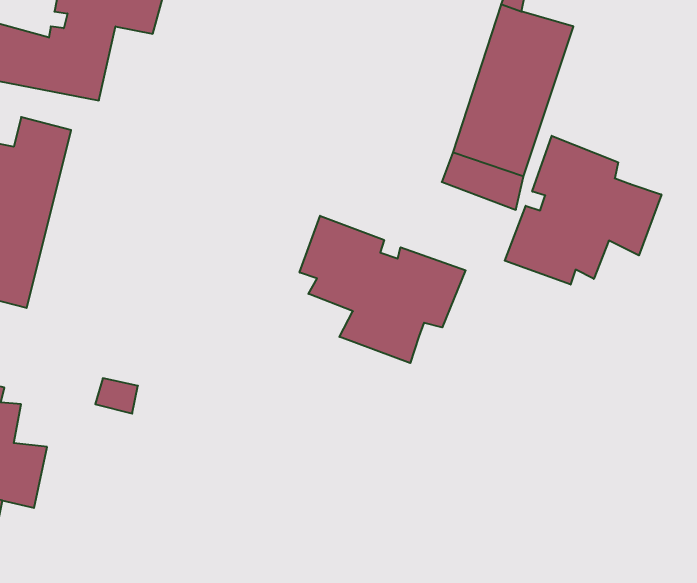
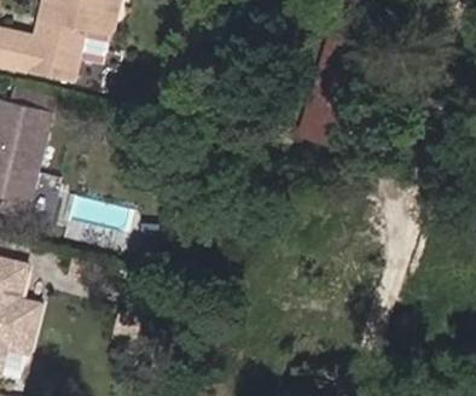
building: [505,136,661,285] -> none
building: [300,216,466,363] -> none

